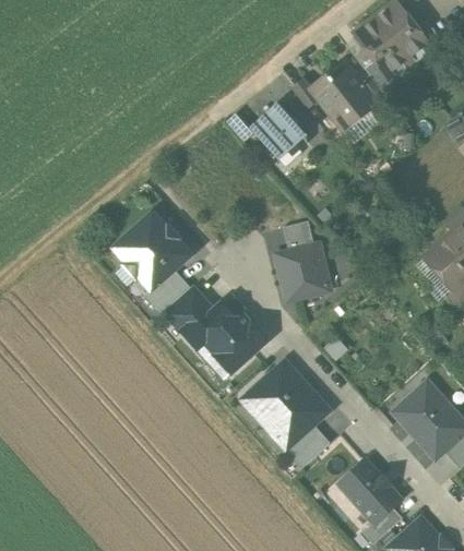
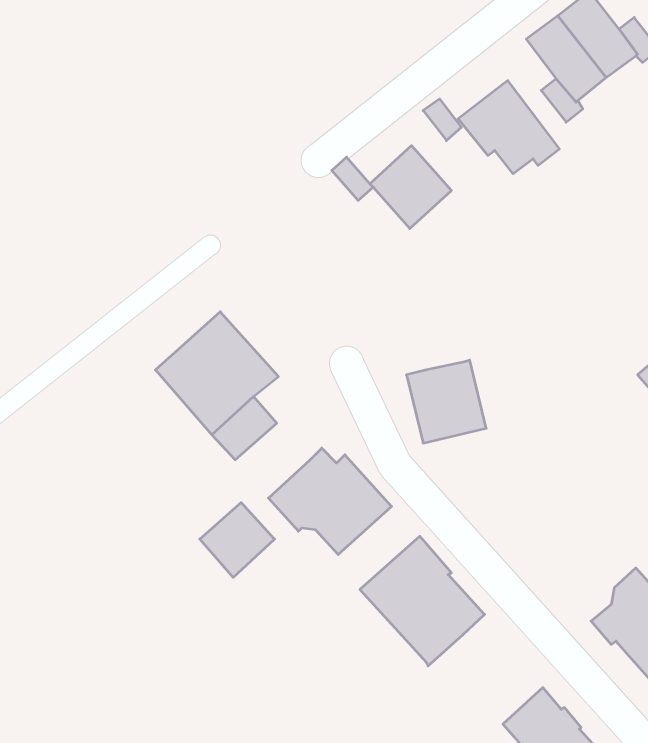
building: [282,219,313,251] -> none
building: [163,286,212,335] -> [200,503,275,577]
building: [283,424,329,468] -> none

